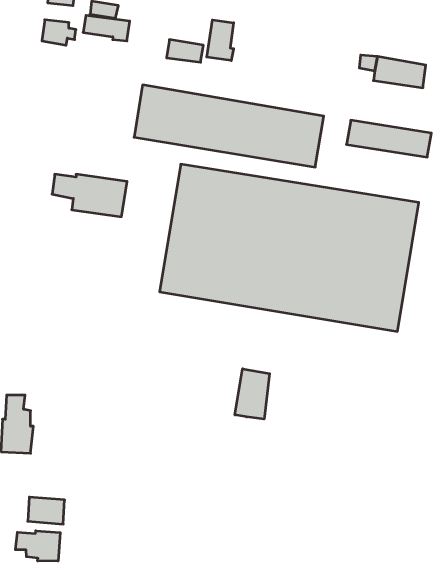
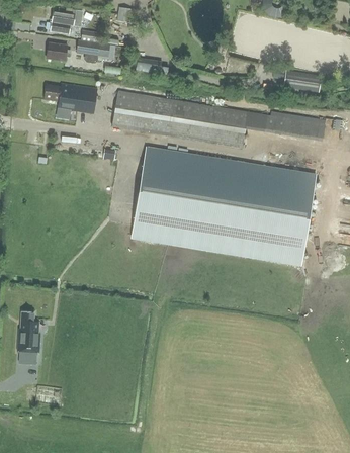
building: [207,20,234,61] -> none
building: [52,174,127,217] -> [43,84,97,114]
building: [235,369,270,419] -> none
building: [15,531,60,561] -> none

